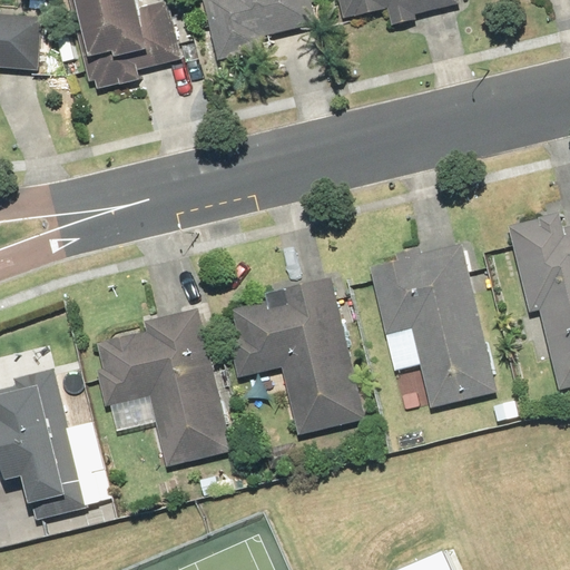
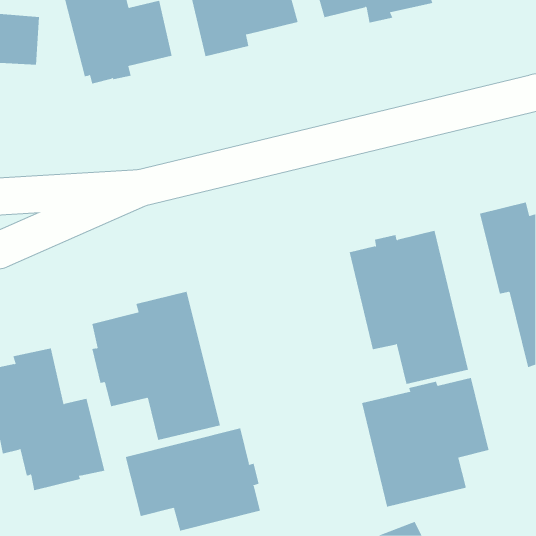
building: [228,277,365,435] -> none
building: none -> [362,377,489,508]
building: none -> [125,428,260,532]

